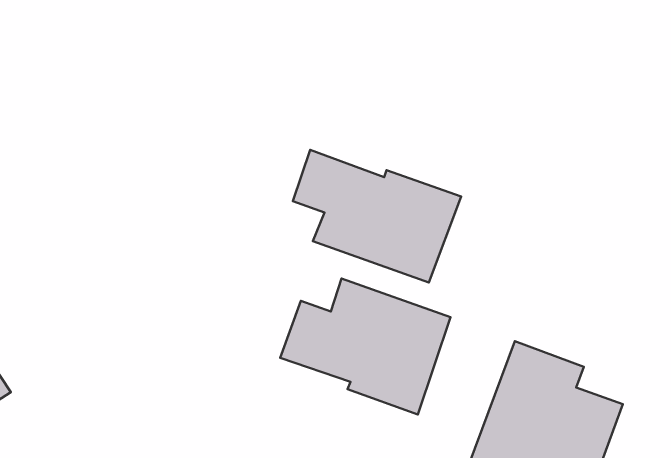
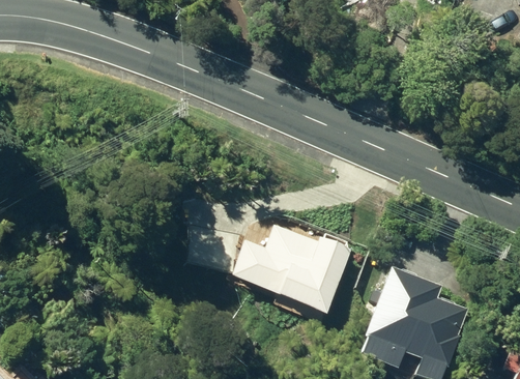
building: [293,150,461,282] -> none

